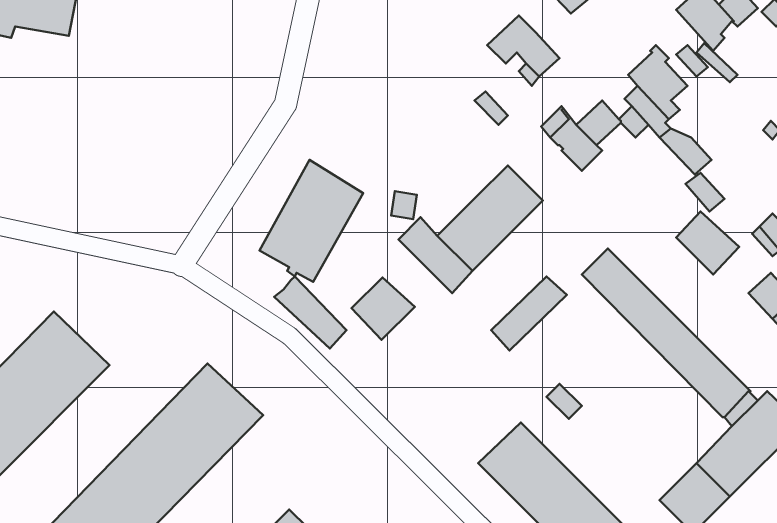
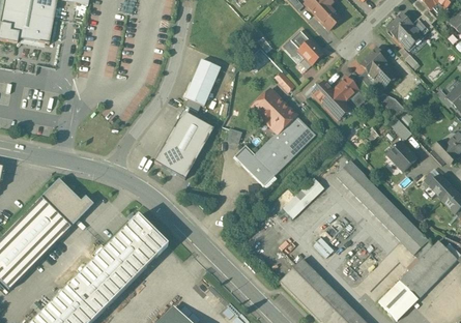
building: none -> [184,59,221,111]
building: none -> [253,90,293,131]
building: [274,276,347,349] -> [125,213,166,254]
building: [351,278,415,340] -> none
building: none -> [39,177,92,226]

